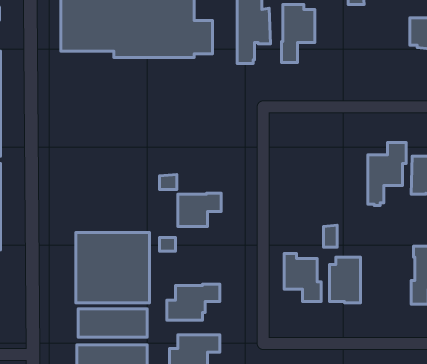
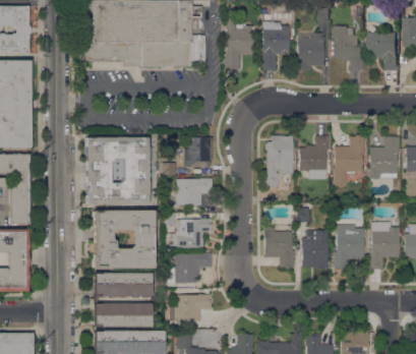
building: none -> [333,26,363,71]
building: none -> [297,33,324,71]
building: none -> [299,135,328,170]
building: none -> [264,136,295,187]
building: none -> [185,137,213,168]
building: none -> [86,138,148,204]
building: none -> [170,219,213,248]
building: none -> [335,226,365,269]

